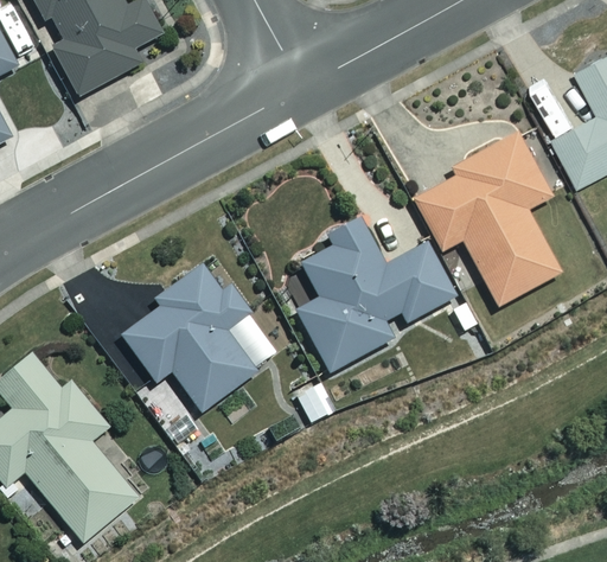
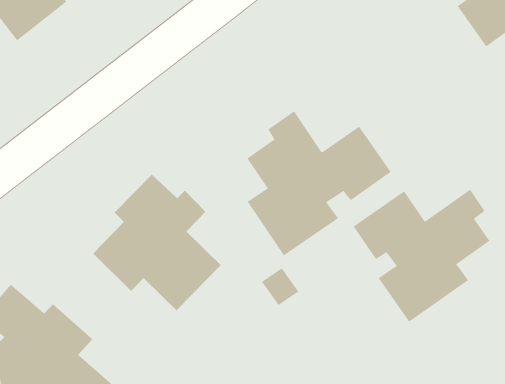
building: [415,127,560,306] -> none
building: none -> [353,189,490,323]

